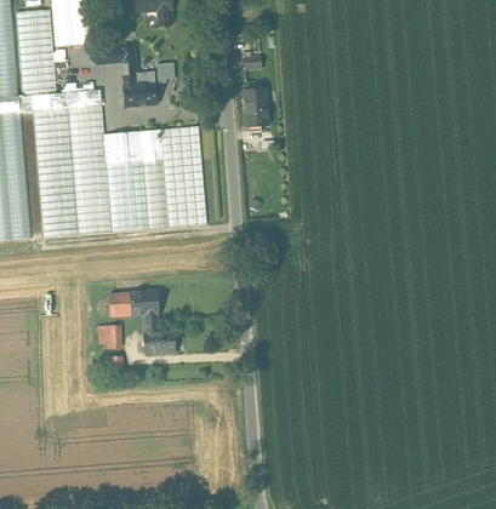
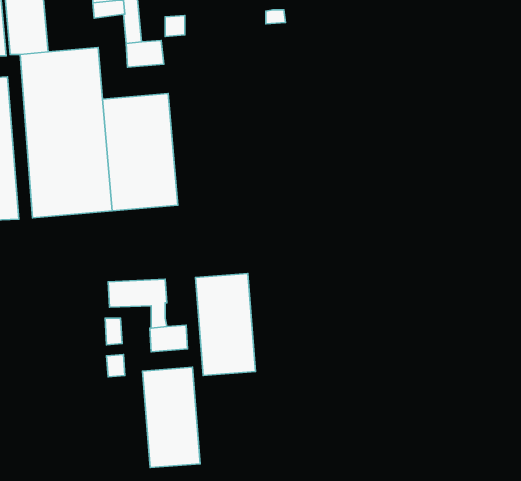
building: [245,88,268,127] -> none
building: [160,126,206,227] -> none
building: none -> [196,273,256,376]
building: none -> [143,367,200,468]

